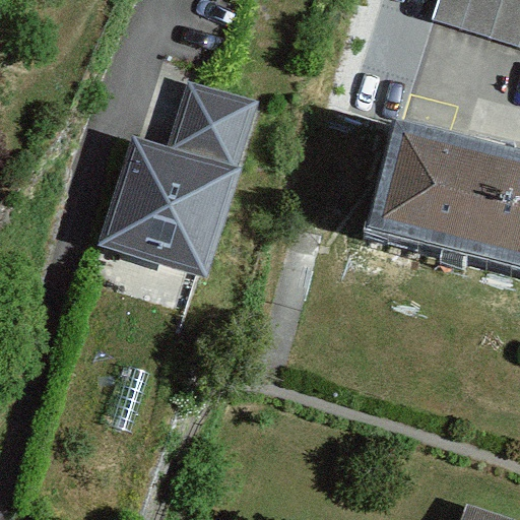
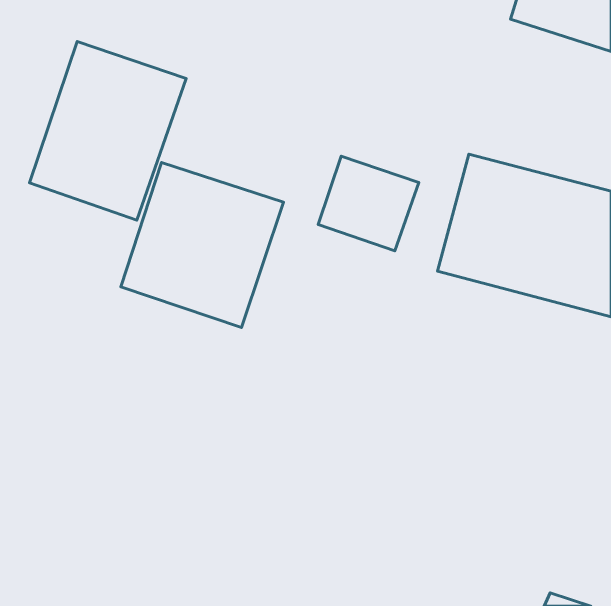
building: none -> [30,42,186,220]
building: [171,81,256,161] -> [318,156,419,251]

